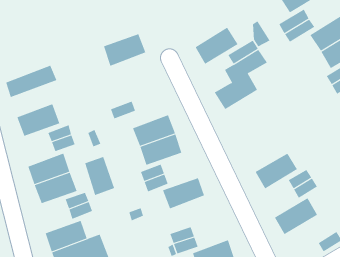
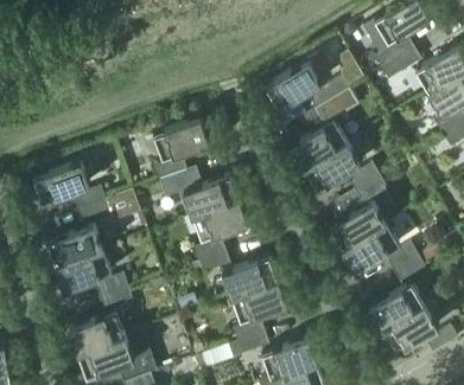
building: [103,34,146,66] -> [153,118,209,161]
building: [6,65,57,98] -> none
building: none -> [304,143,361,192]
building: none -> [329,167,386,250]
building: none -> [159,168,202,199]
building: [84,156,115,196] -> none
building: none -> [231,281,287,323]
building: none -> [381,306,438,354]

